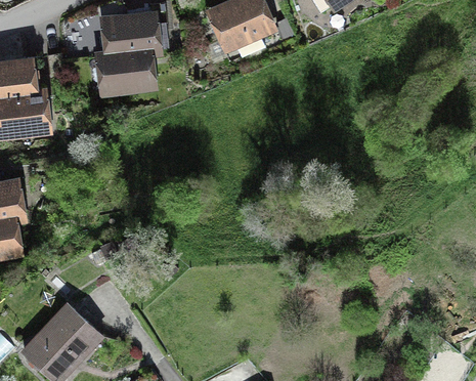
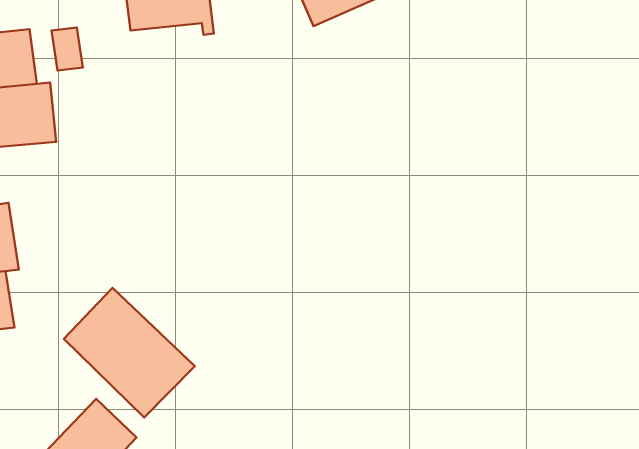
building: [90,50,152,98] -> none
building: none -> [64,288,195,417]

